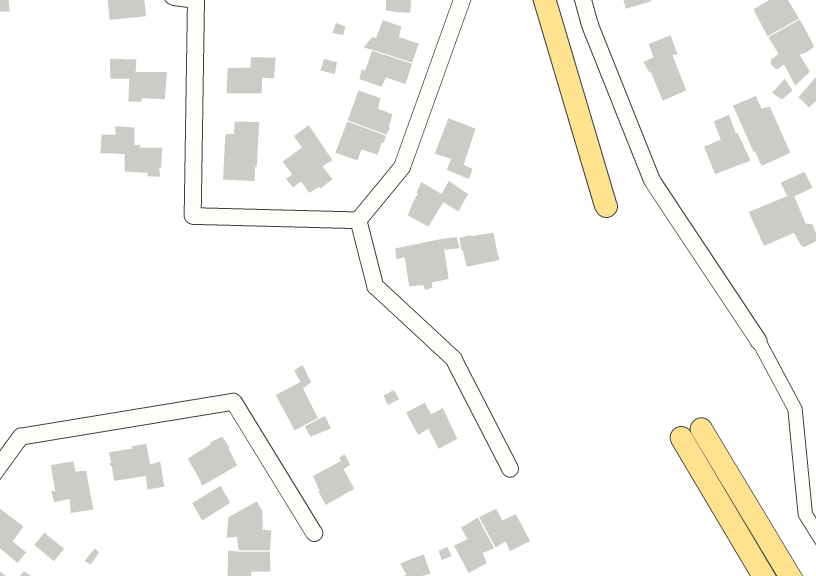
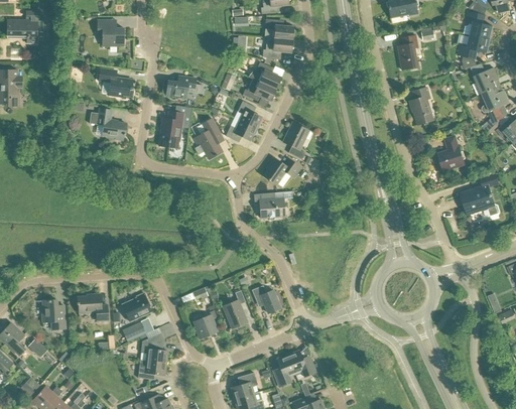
building: [732,95,791,167] -> none
building: [459,232,501,268] -> none
building: [275,364,319,431] -> [223,290,247,328]

